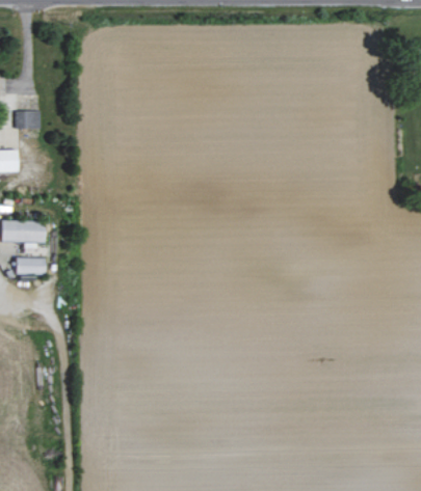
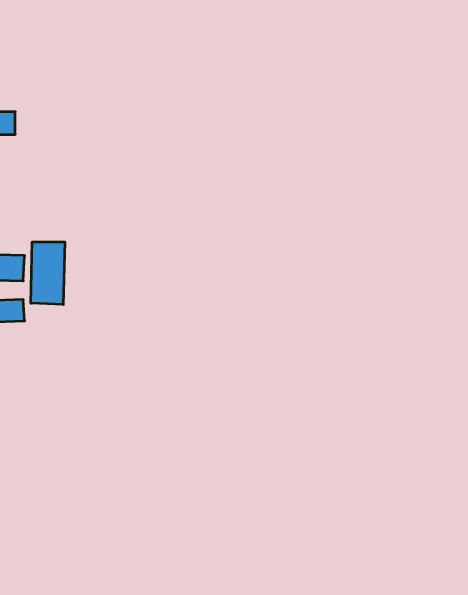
building: none -> [31,242,65,305]

